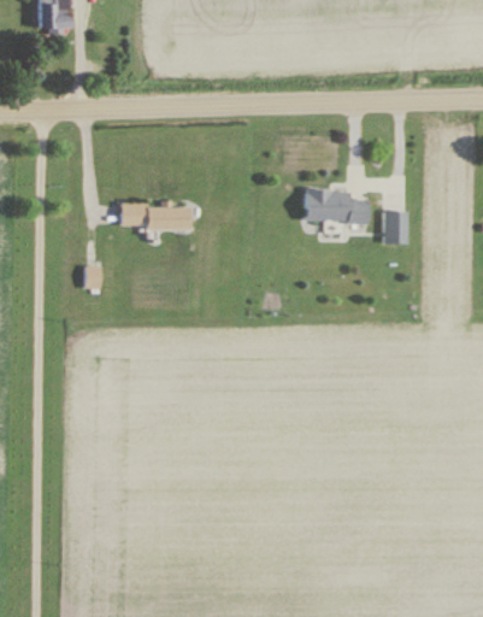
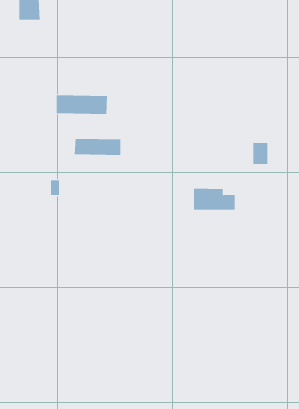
building: none -> [56,95,107,115]
building: [305,189,367,222] -> [193,188,236,210]

